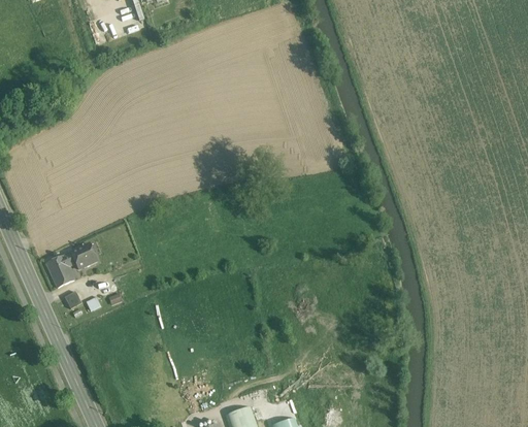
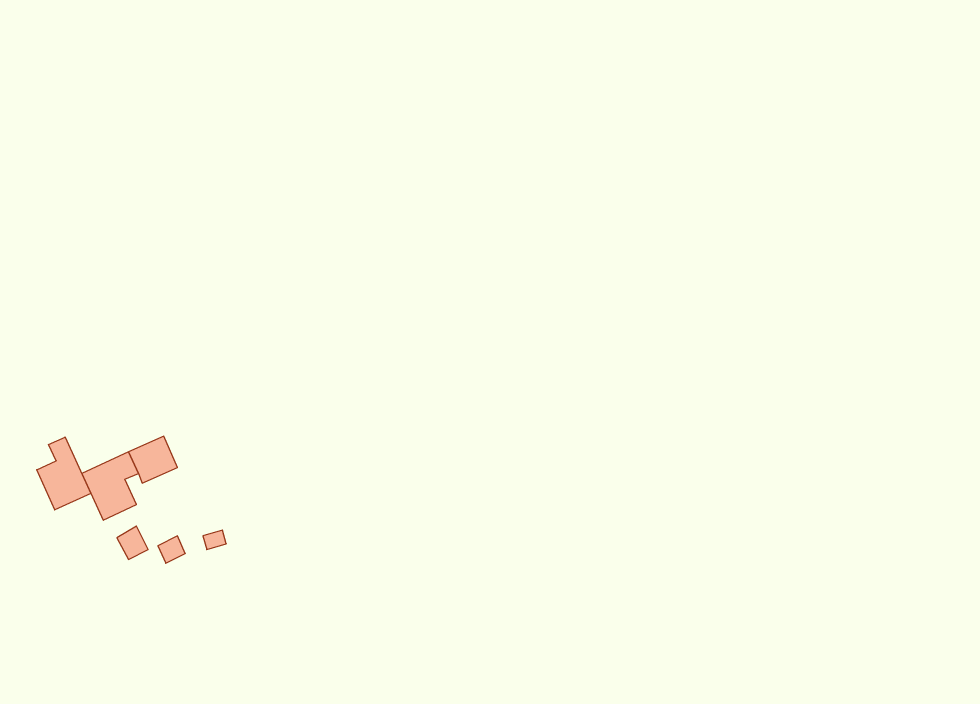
building: none -> [37,437,91,510]

